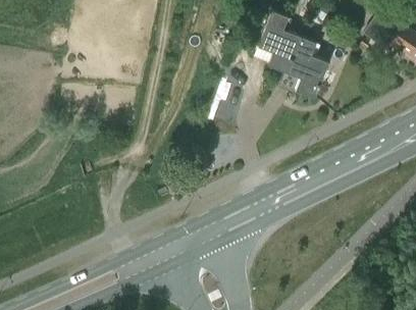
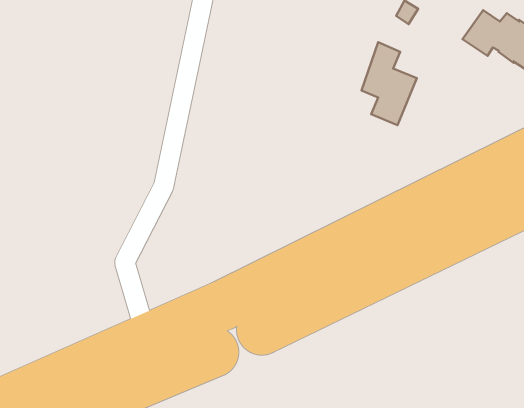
building: [259,9,302,70] -> none

